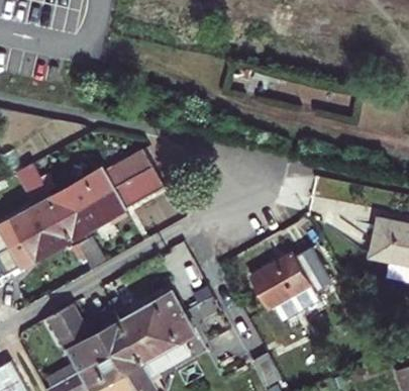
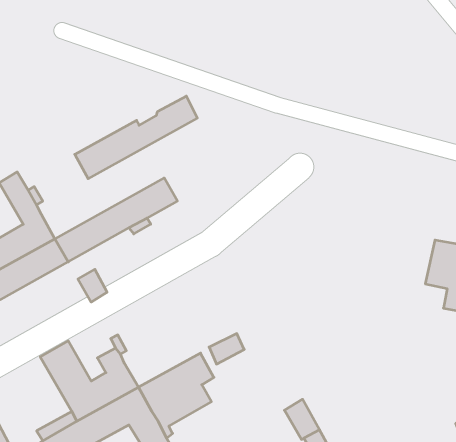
building: [50,149,152,217] -> [75,96,197,179]
building: [250,247,330,327] -> none
building: [119,291,183,340] -> none

